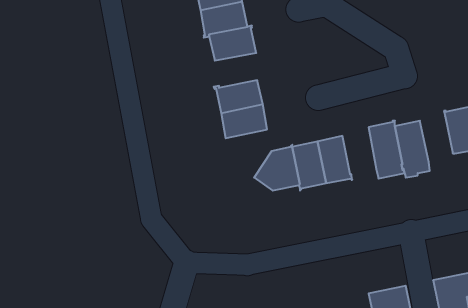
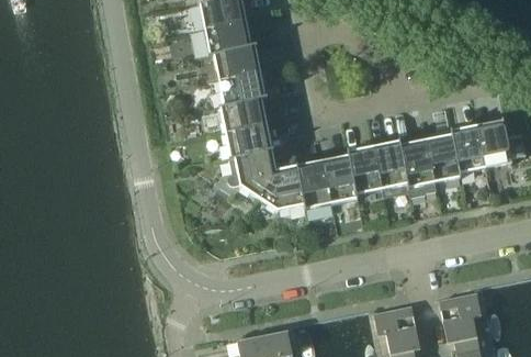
building: none -> [221,71,269,107]
building: none -> [427,135,463,181]
building: none -> [348,146,383,193]
building: none -> [229,148,278,197]

